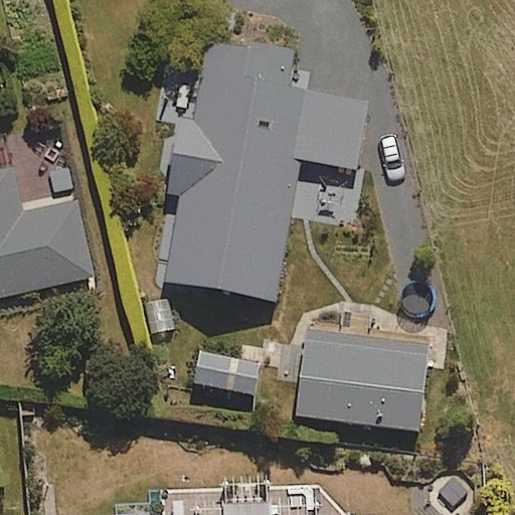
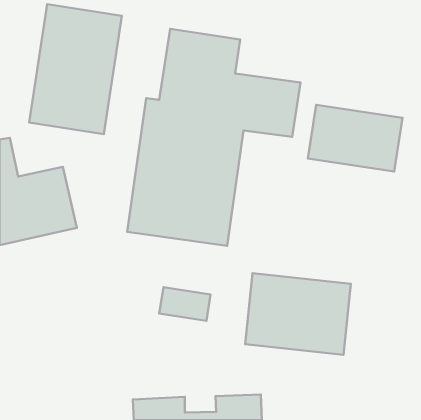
building: none -> [29,4,122,134]
building: none -> [308,105,403,172]

